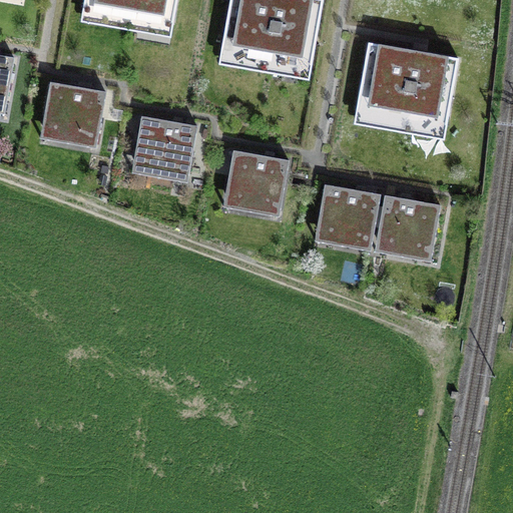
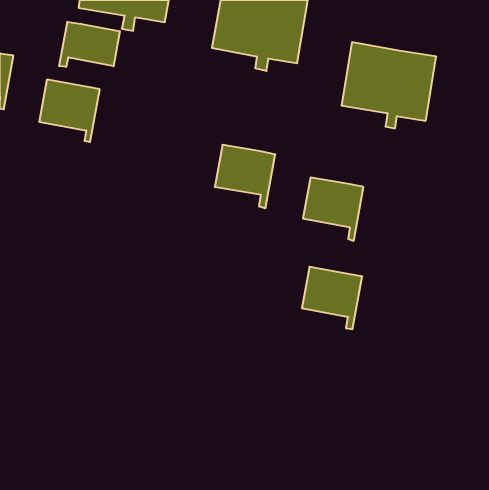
building: none -> [59,22,120,67]
building: [133,116,196,182] -> none
building: [377,196,440,262] -> [302,267,362,329]

